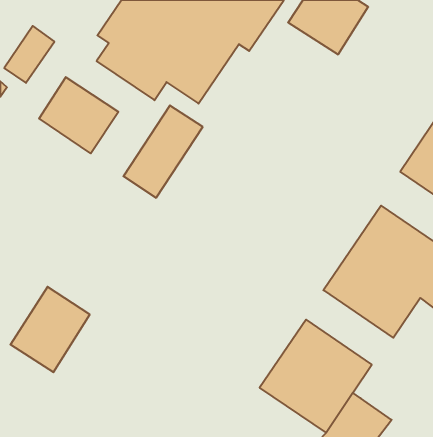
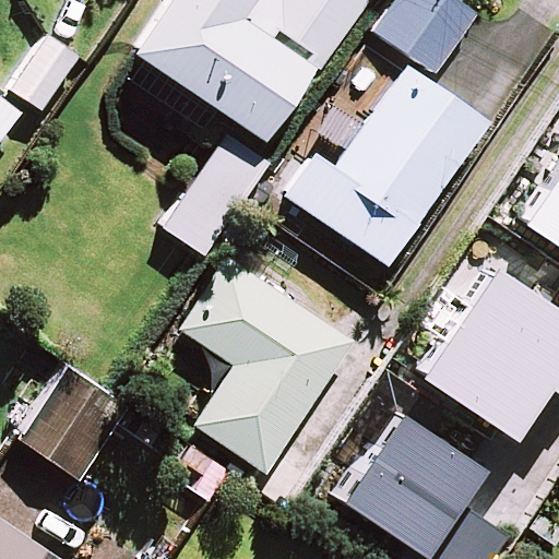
building: none -> [286,66,485,264]
building: [39,77,118,153] -> none
building: none -> [182,258,354,472]

